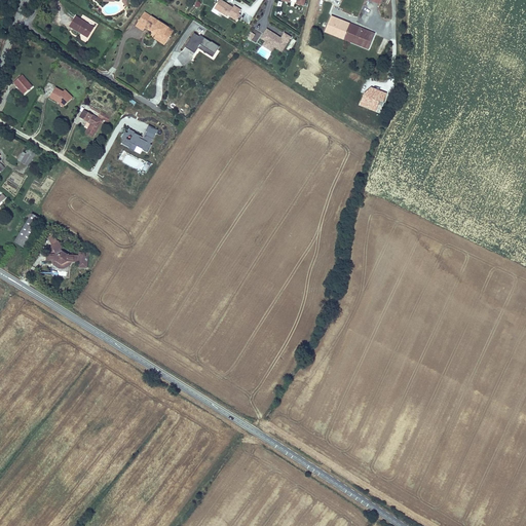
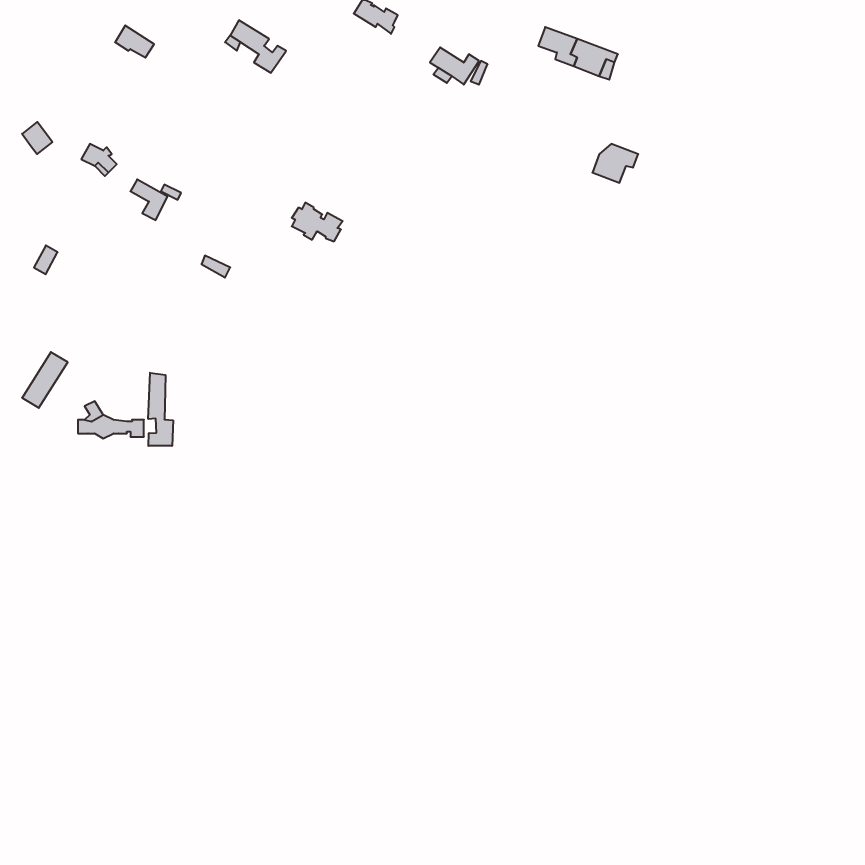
building: [185,33,219,58] -> none
building: [122,125,153,149] -> [292,203,343,241]
building: none -> [148,373,173,446]

